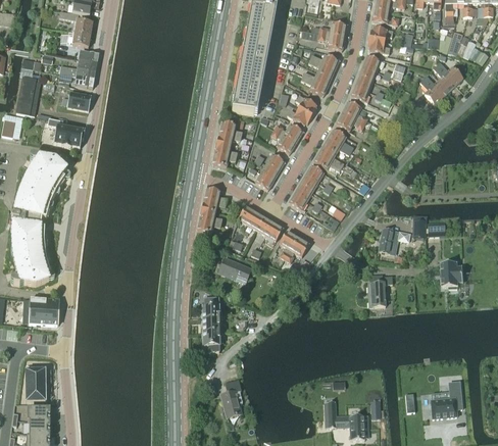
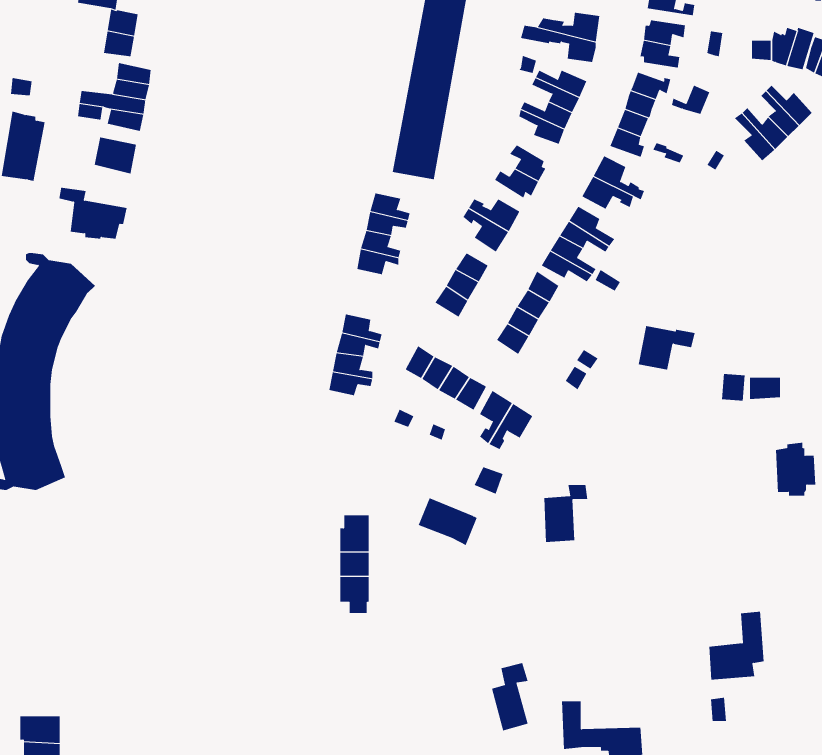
building: [378,229,409,253] -> [638,325,696,370]
building: [218,257,251,284] -> [418,497,477,546]
building: [367,276,392,307] -> [543,485,588,542]
building: [29,298,58,325] -> none
building: [26,365,49,400] -> none
building: [220,380,241,417] -> [491,662,528,731]
building: [431,381,461,418] -> [709,611,764,680]

